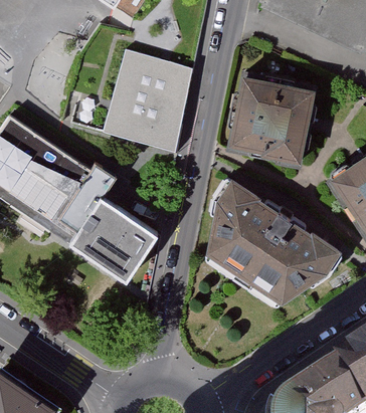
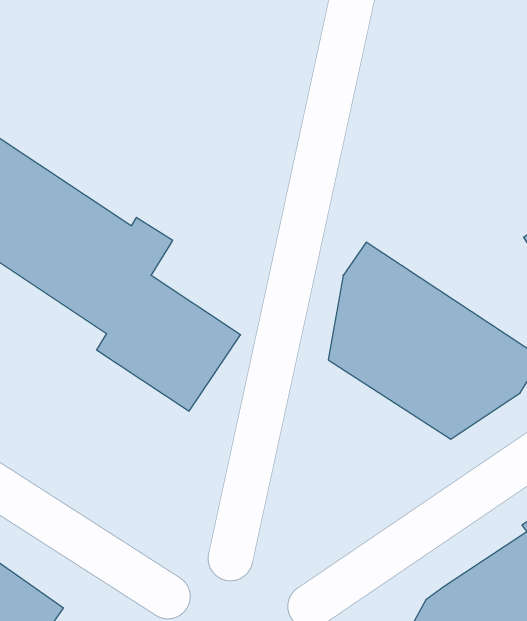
building: [104,49,191,153] -> none
building: [236,78,316,159] -> none

